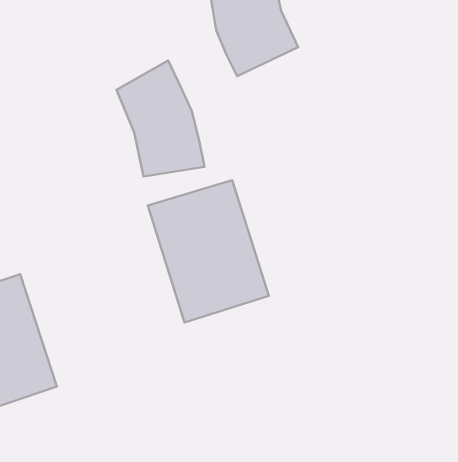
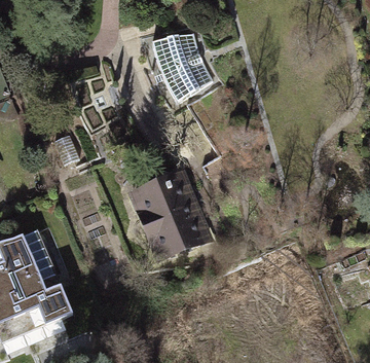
building: [116,60,204,177] -> none

